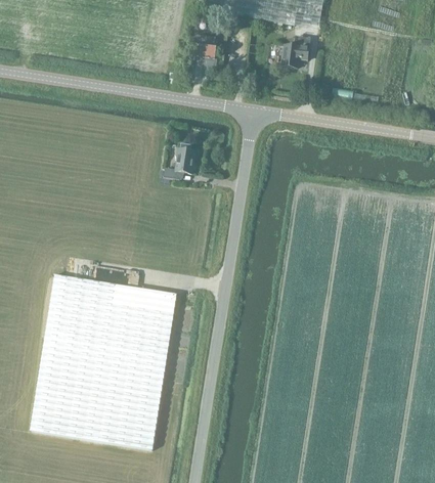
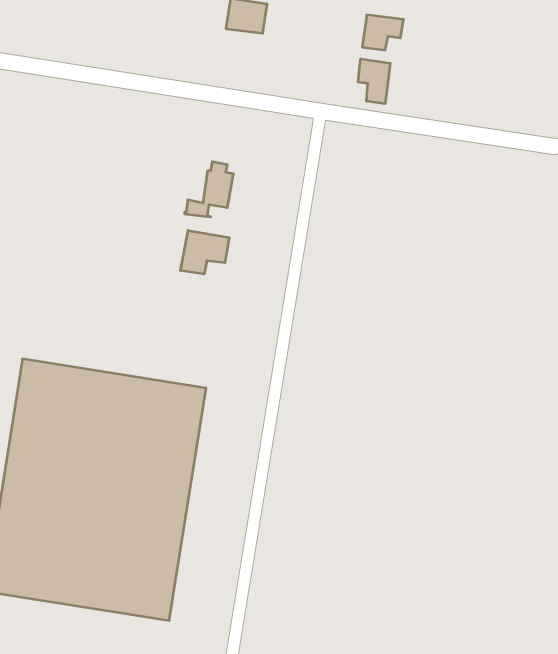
building: none -> [358,59,390,104]
building: none -> [180,230,229,274]

